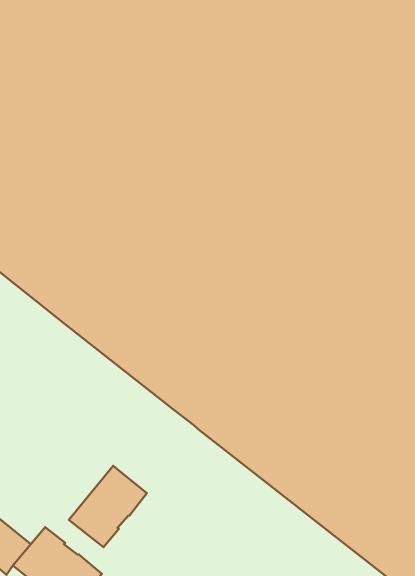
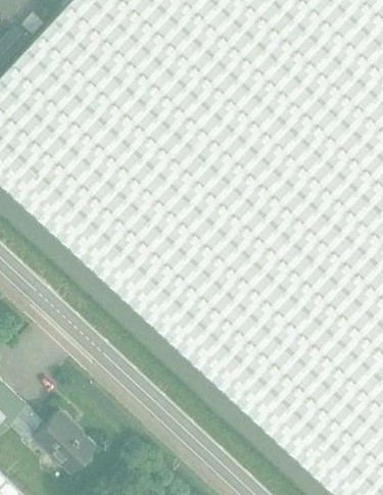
building: [69,466,147,547] -> none

